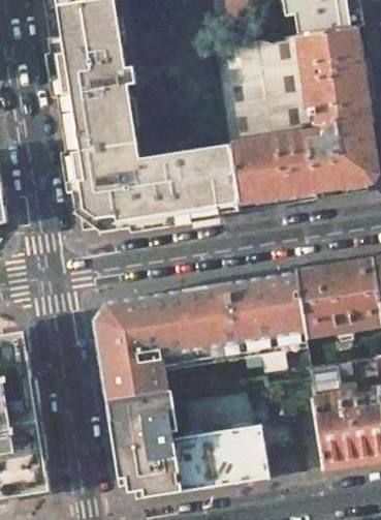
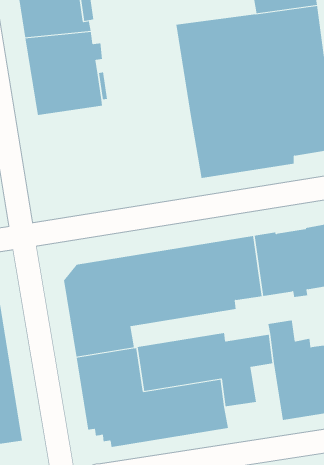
building: [64,133,239,233] -> none

